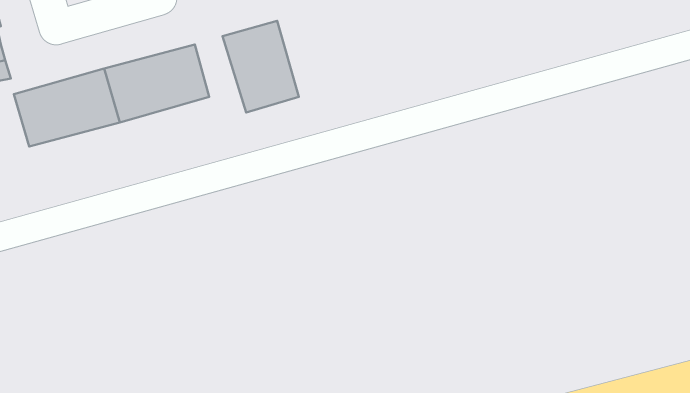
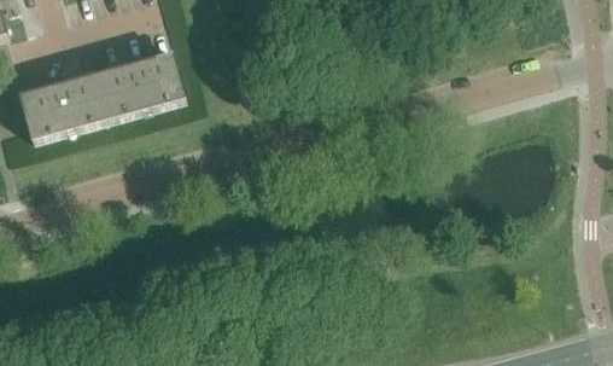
building: [223,21,299,113] -> none

